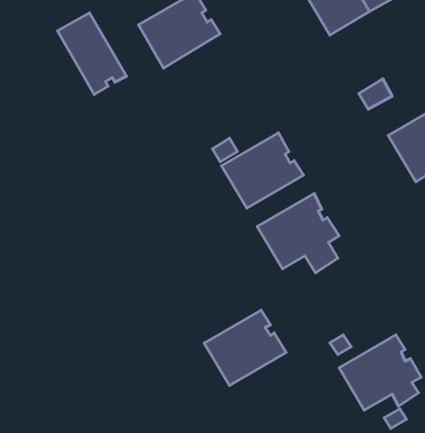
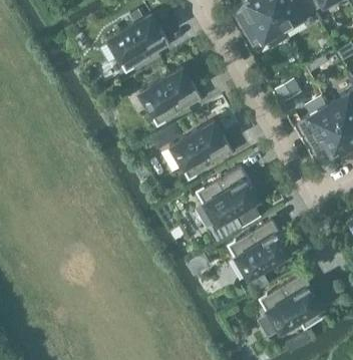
building: [57,13,126,94] -> none
building: none -> [137,68,200,125]
building: [204,310,286,386] -> [228,222,290,279]

